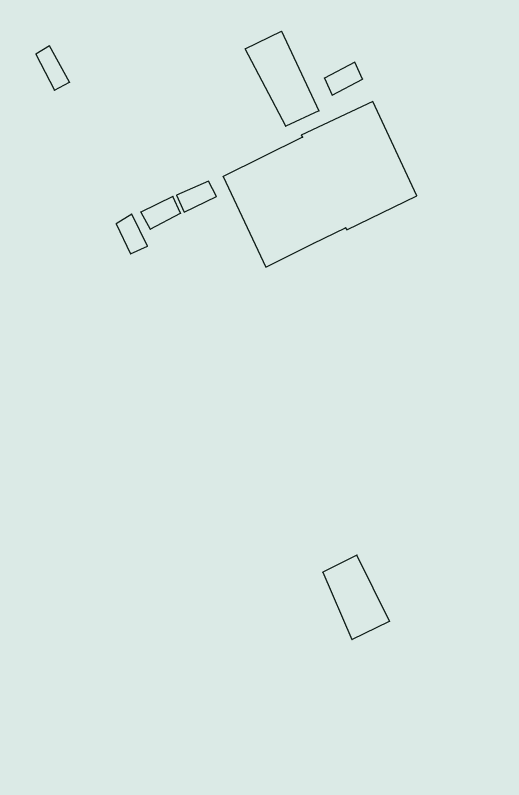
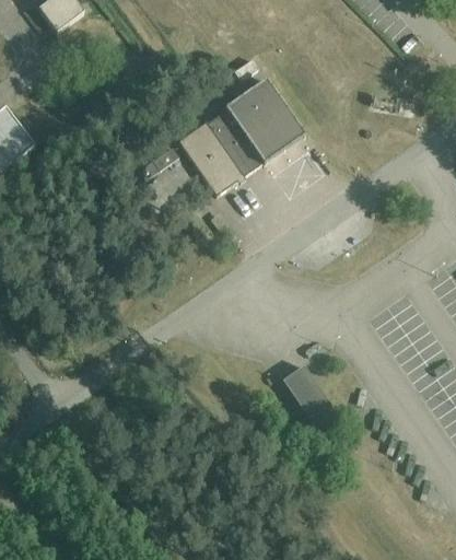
building: [245,31,319,126] -> none

